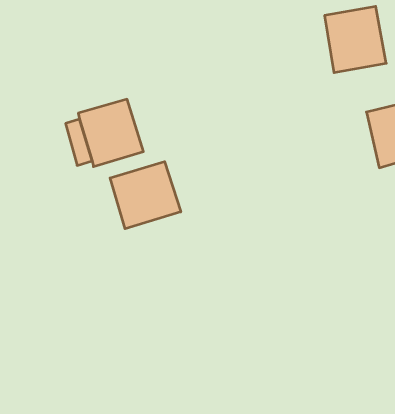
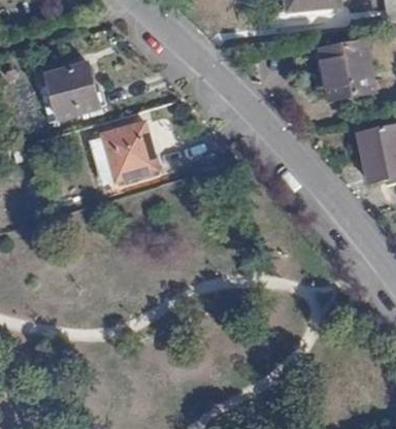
building: none -> [46,63,100,120]
building: [110,162,181,229] -> none

